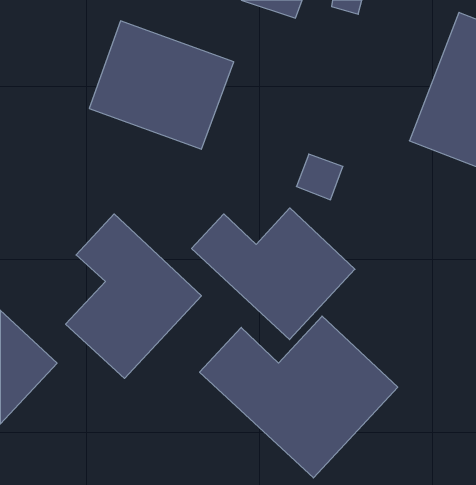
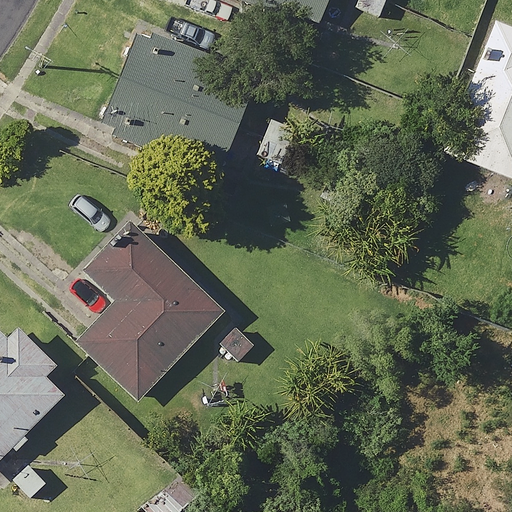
building: [192,208,355,340] -> none
building: [200,316,398,478] -> none

